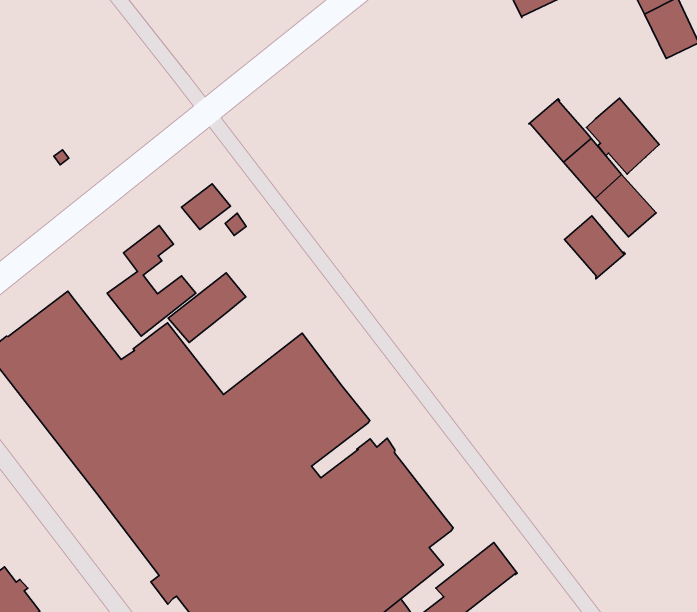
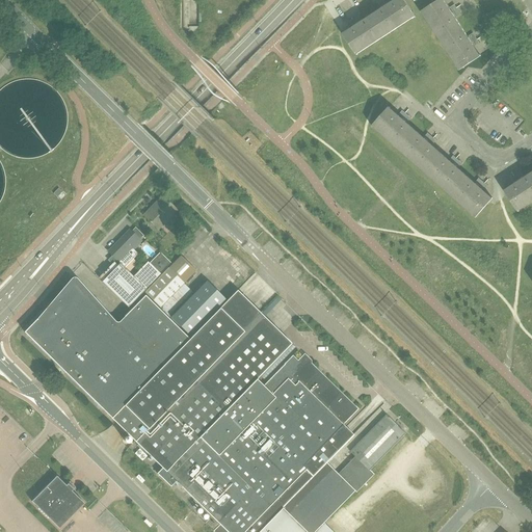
building: [586,98,659,174] -> none
building: [564,216,625,279] -> [449,175,491,217]
building: none -> [169,280,224,335]

